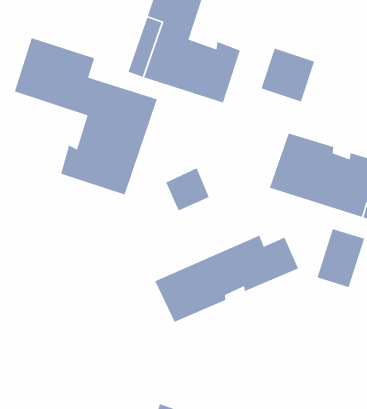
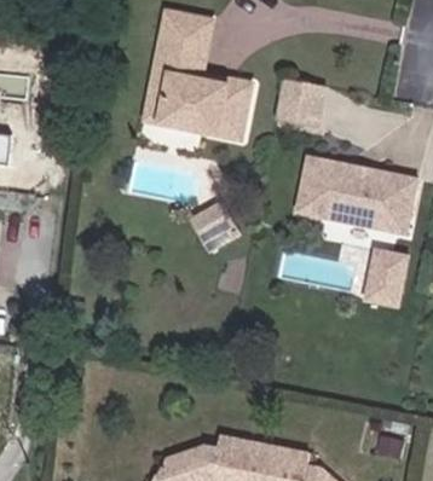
building: [14,37,158,196] -> none
building: [154,235,299,323] -> none

